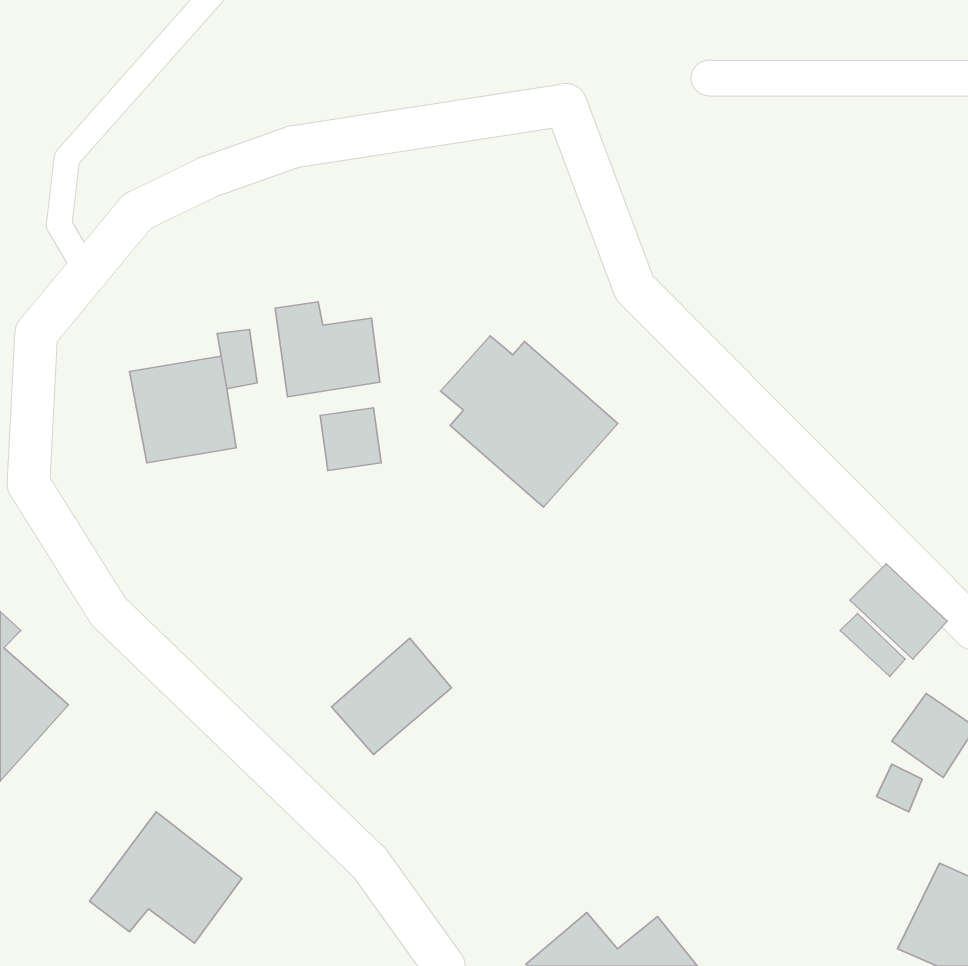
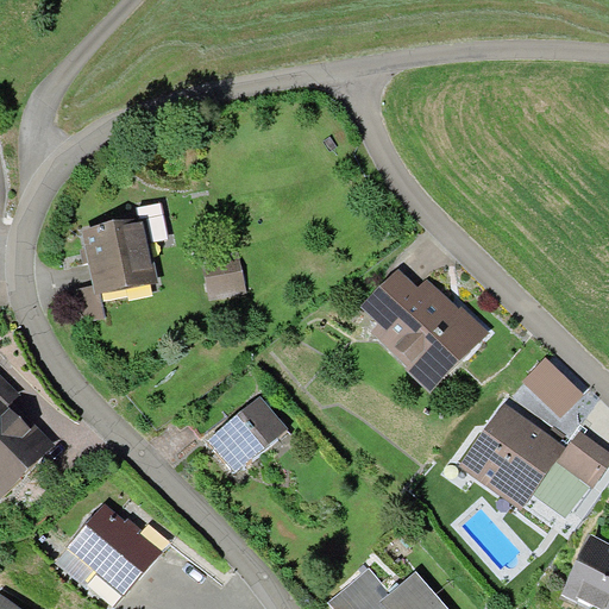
building: [275,302,380,397] -> none
building: [441,336,618,507] -> [369,277,479,384]
building: none -> [464,412,559,507]

